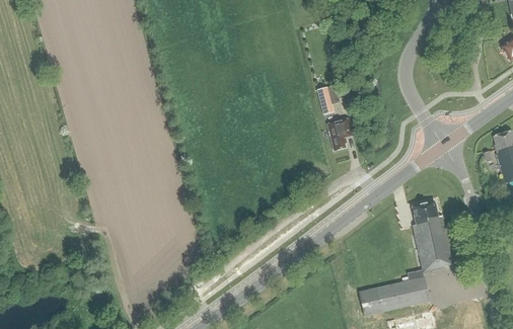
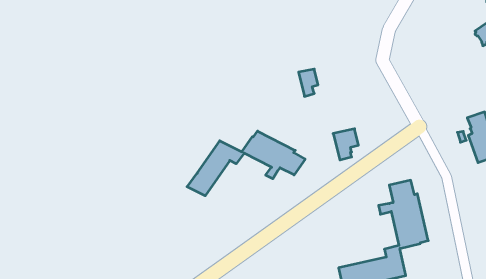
building: [326,117,353,150] -> [333,129,358,160]
building: none -> [187,131,305,196]

